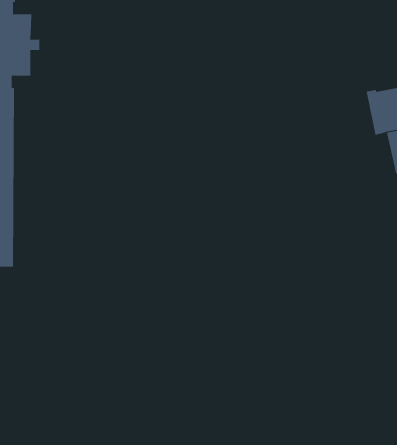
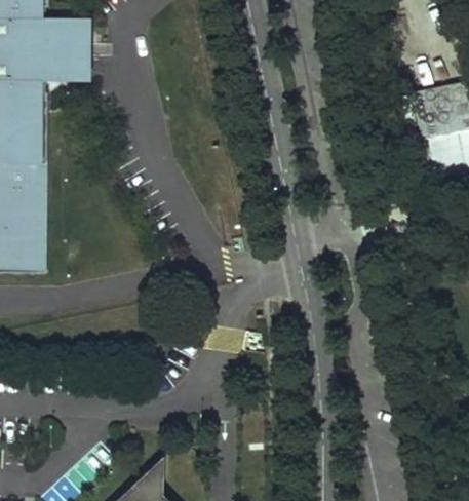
building: none -> [63,22,84,78]

